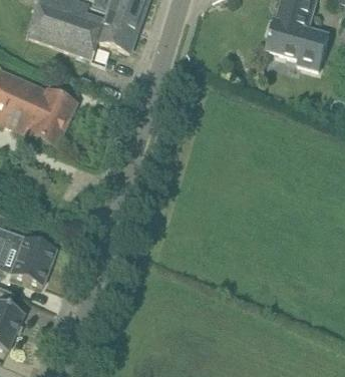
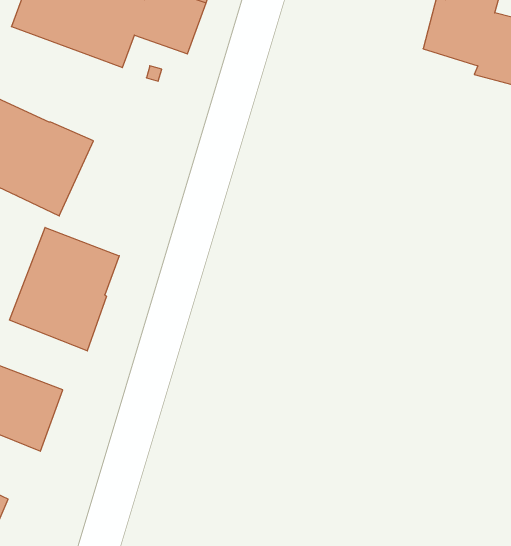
building: none -> [10,227,119,351]

